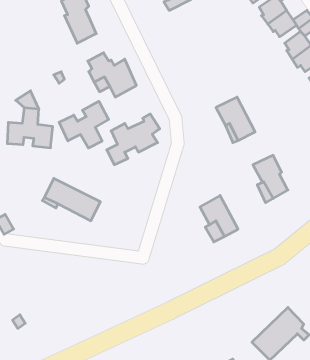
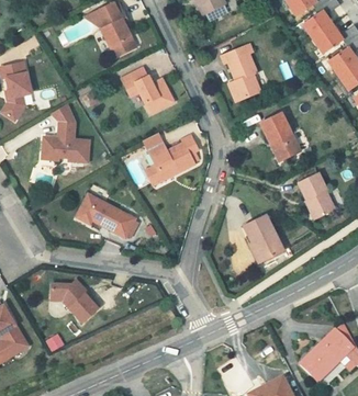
building: none -> [222,41,262,98]
building: [59,101,109,148] -> none
building: none -> [49,280,99,321]

